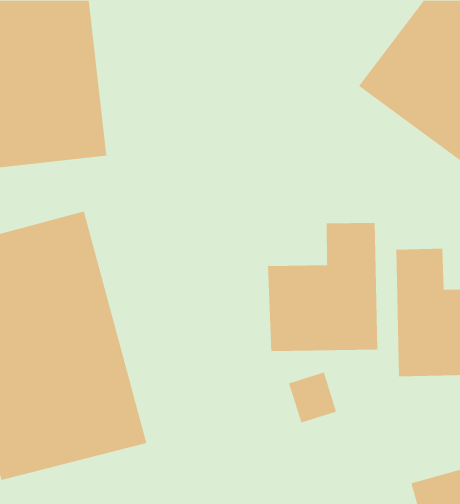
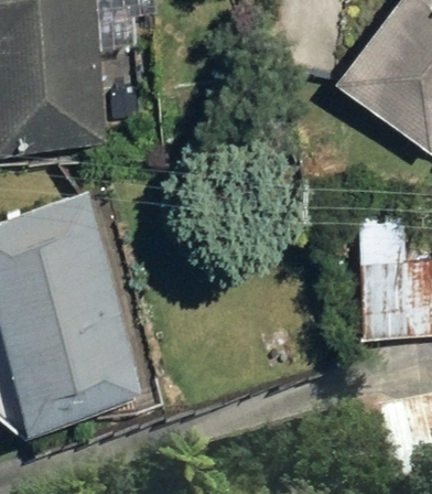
building: [267,222,378,352] -> none

